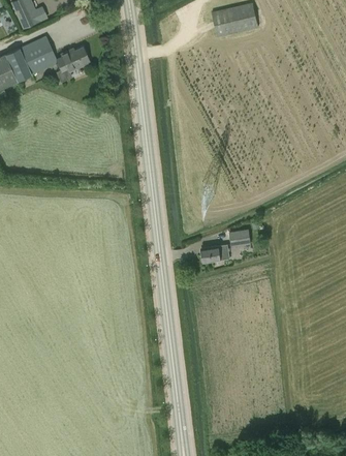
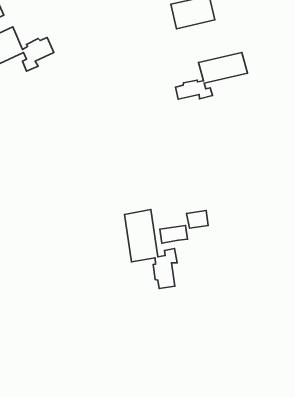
building: none -> [175,53,247,99]
building: none -> [124,209,177,289]

